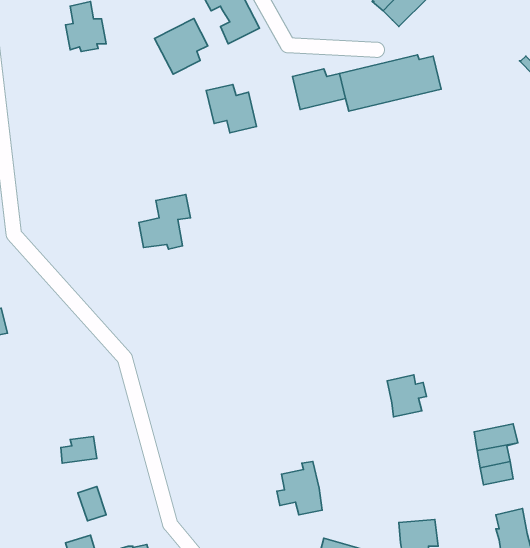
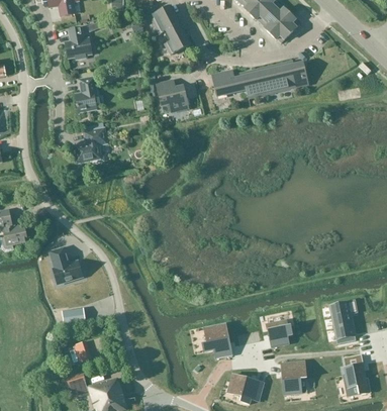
building: [155,18,208,74] -> none
building: none -> [75,76,98,111]
building: [139,194,190,249] -> [74,127,107,163]
building: none -> [50,245,83,283]
building: [387,375,426,417] -> [267,319,292,346]

